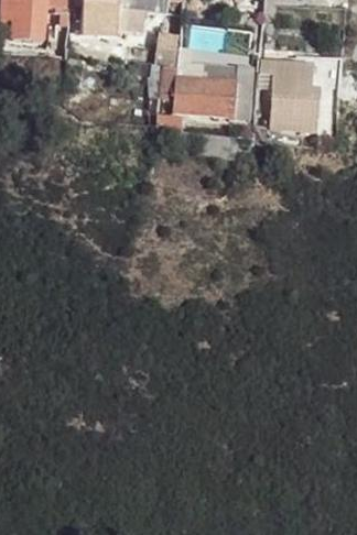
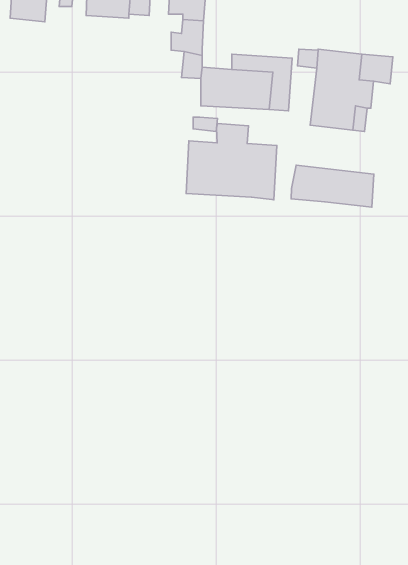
building: none -> [186,123,277,200]
building: none -> [291,165,374,207]

